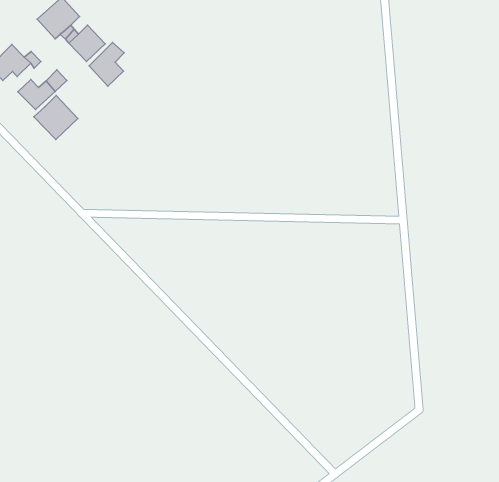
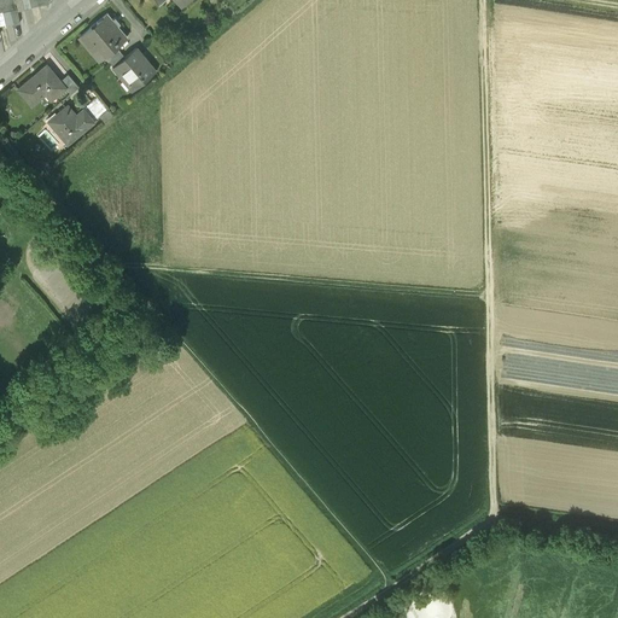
building: [89,42,124,86] -> none
building: [34,96,78,140] -> none

